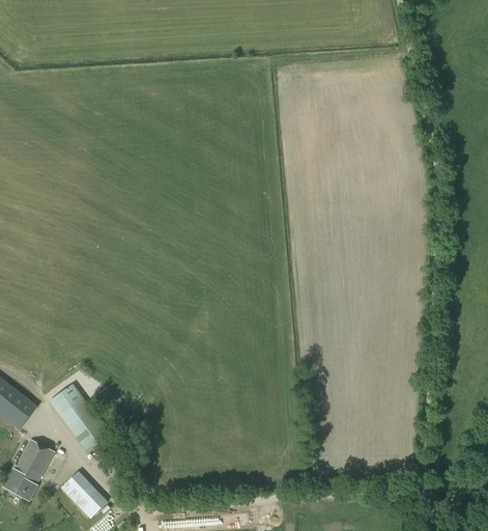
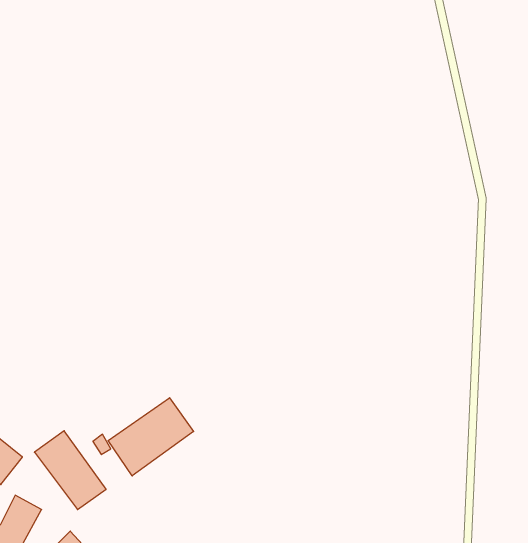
building: none -> [108,398,194,476]

